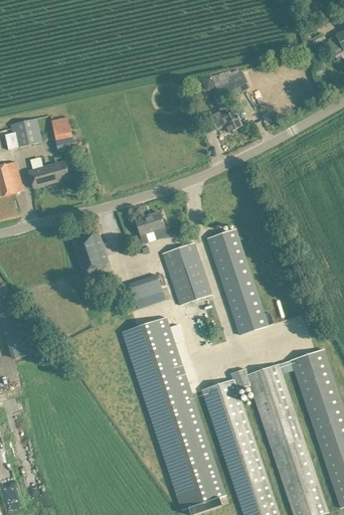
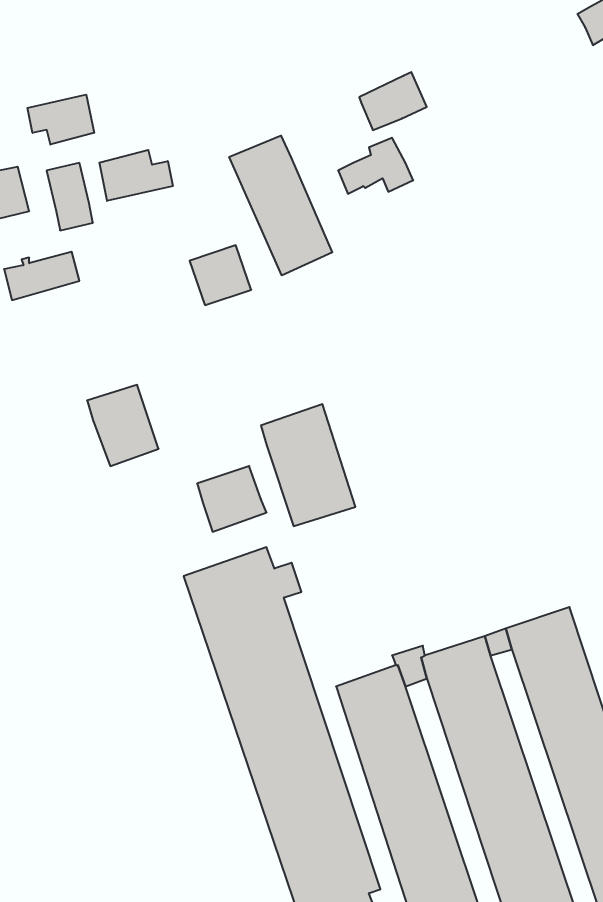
building: none -> [27,95,94,145]
building: none -> [229,136,332,275]
building: none -> [99,150,173,201]
building: [135,212,167,243] -> [190,245,251,305]
building: [207,229,268,335] -> none

